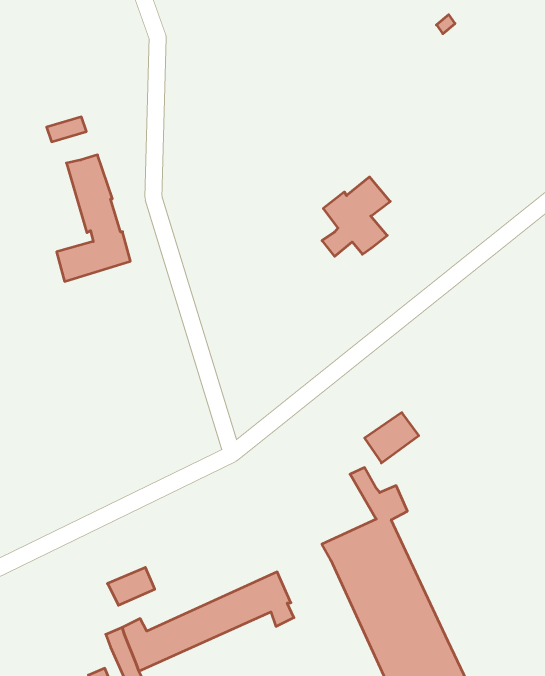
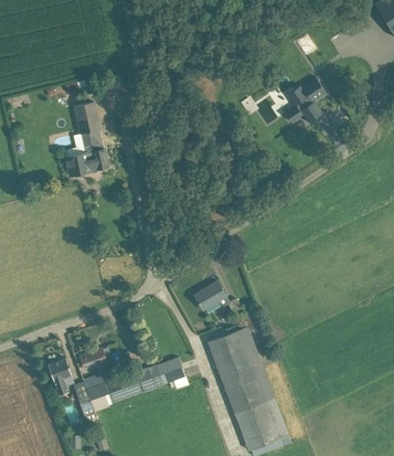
building: [322,177,390,256] -> [285,77,327,123]
building: [365,413,419,463] -> [194,282,226,310]
building: none -> [49,359,74,395]

